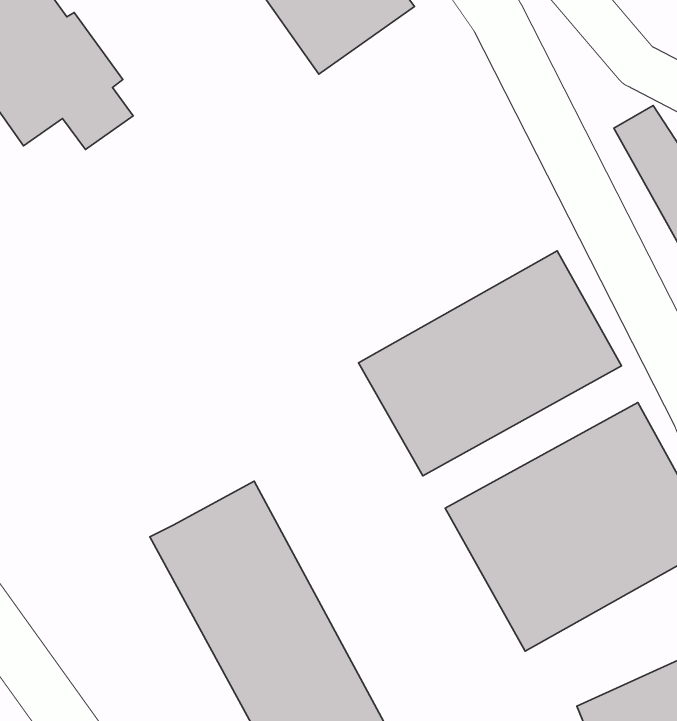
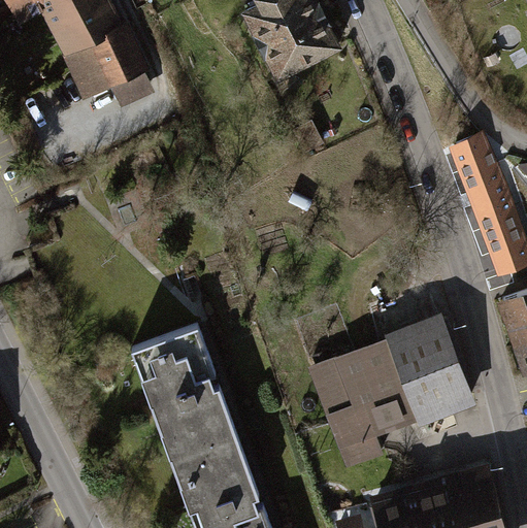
building: [359,251,621,476] -> none

